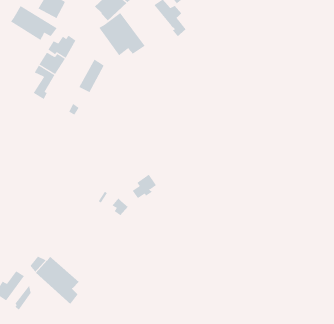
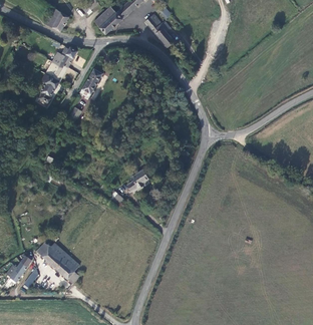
building: [10,5,57,41] -> none
building: [98,12,146,56] -> none

